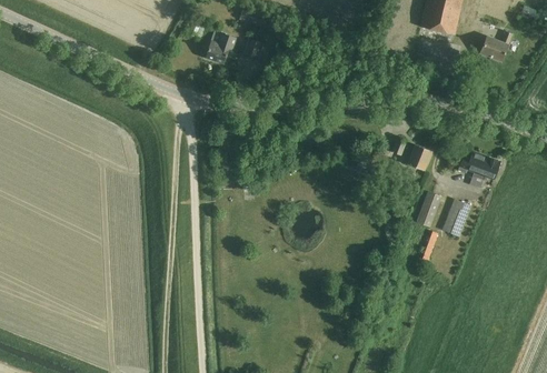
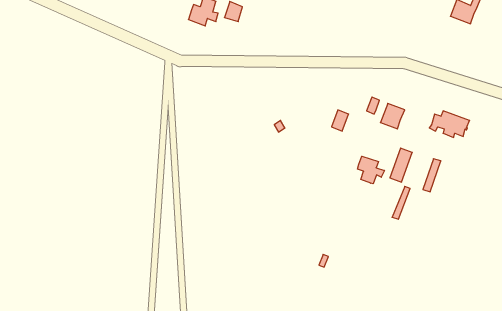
building: none -> [357,156,384,184]

